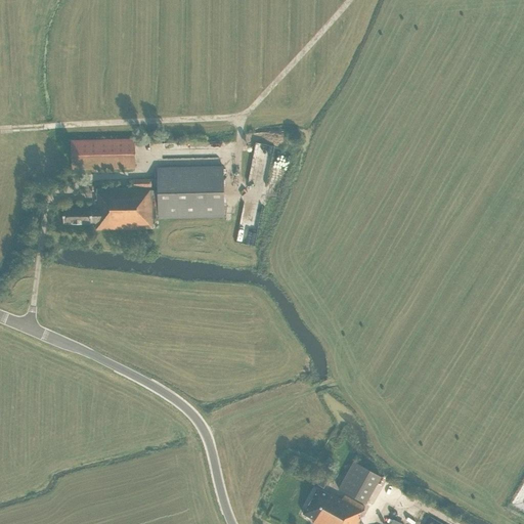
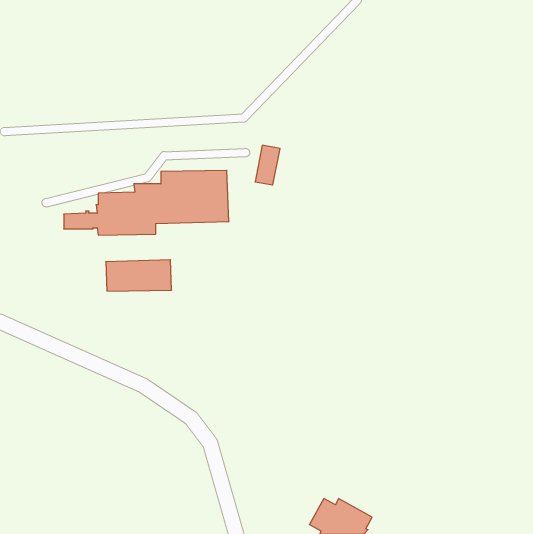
building: [72,139,136,170] -> [106,260,172,291]
building: [340,462,382,505] -> none

